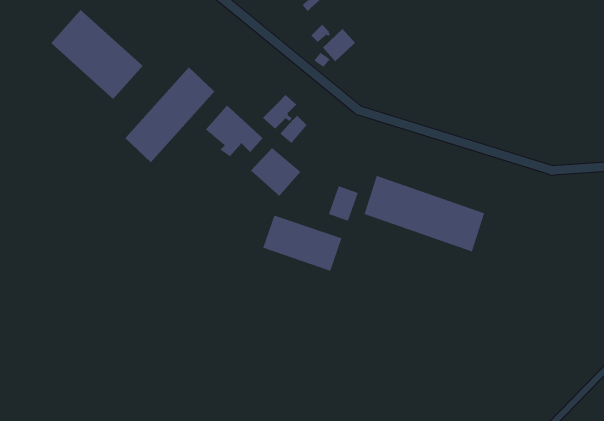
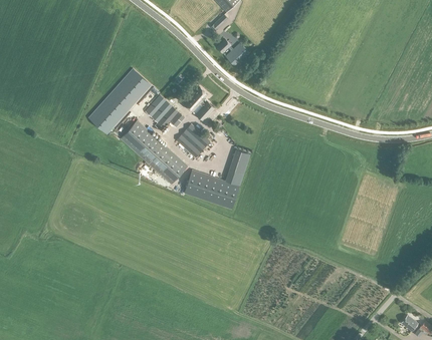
building: [51,9,143,100] -> none
building: none -> [120,119,187,184]
building: [363,175,485,253] -> none

